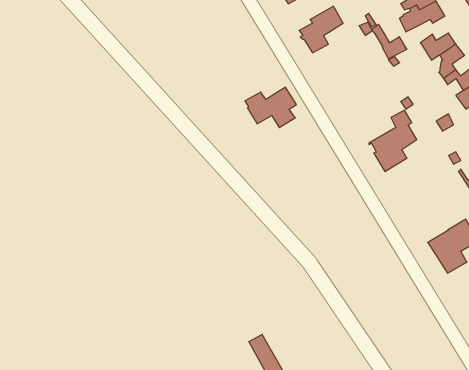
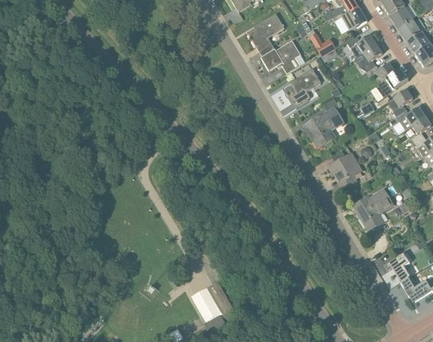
building: none -> [285,67,321,105]
building: [245,87,296,128] -> [259,39,301,72]
building: none -> [329,152,363,188]

